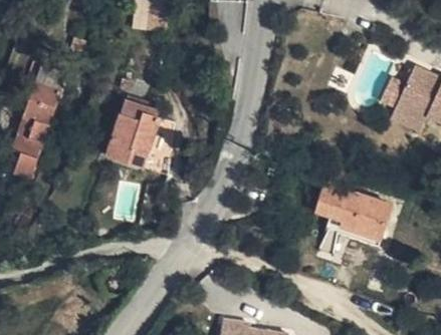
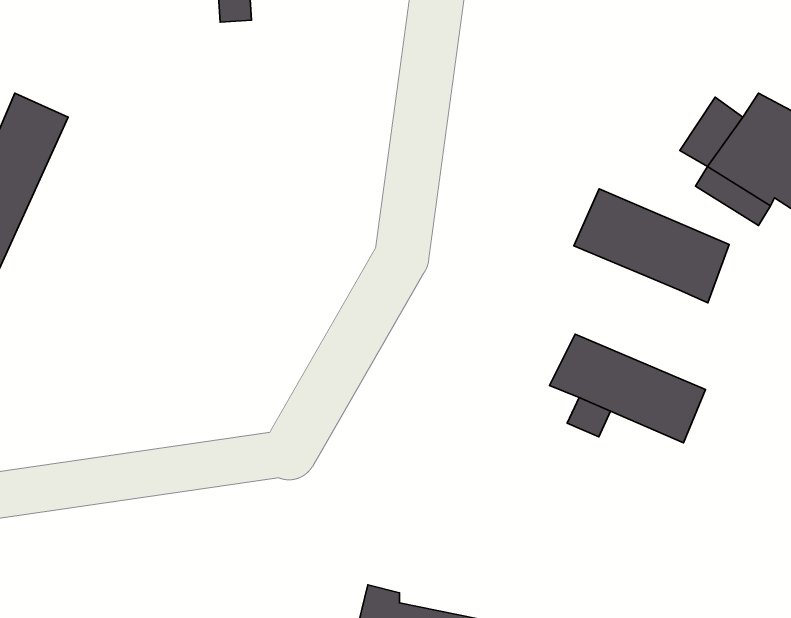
building: [111,91,162,163] -> none
building: none -> [574,189,729,303]

